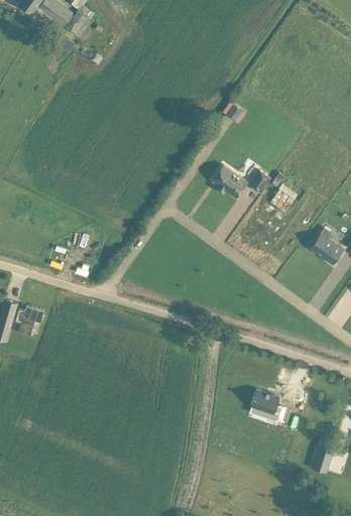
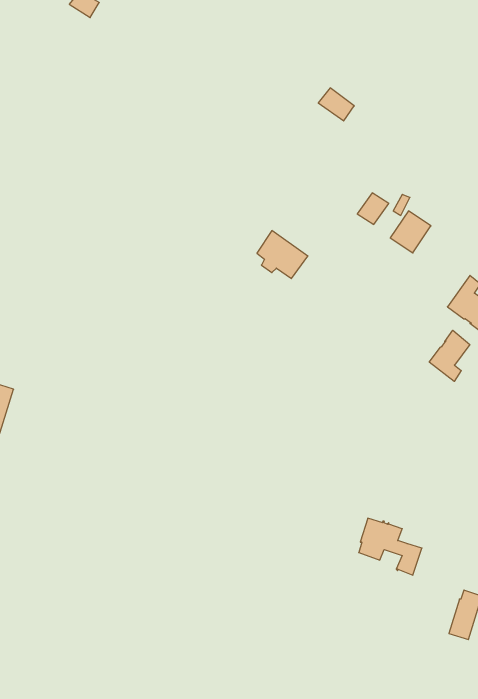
building: [212,164,246,197] -> [257,231,308,279]
building: none -> [429,330,470,381]
building: [14,305,43,336] -> none

